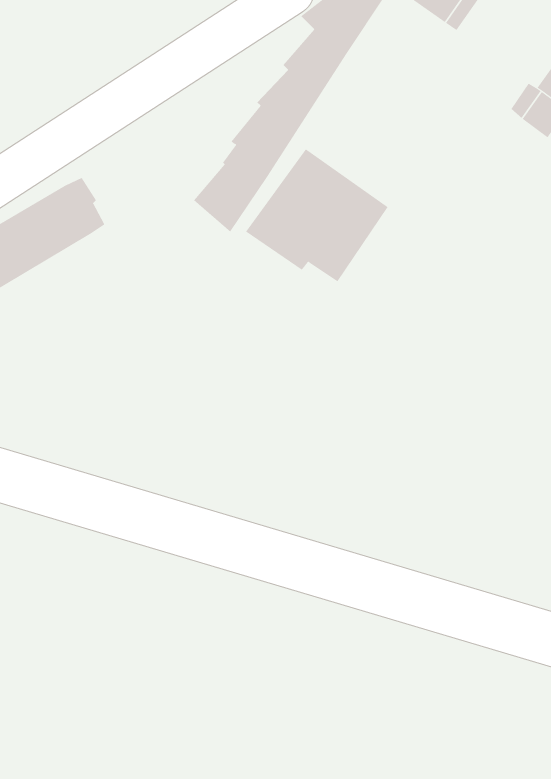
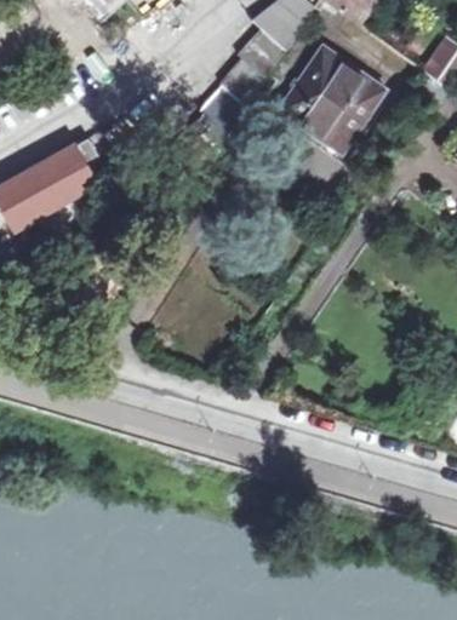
building: [245,149,388,282] -> [279,42,385,142]

